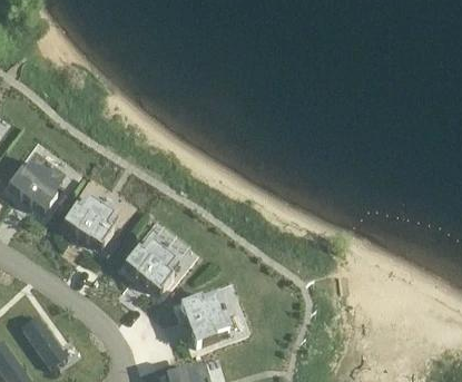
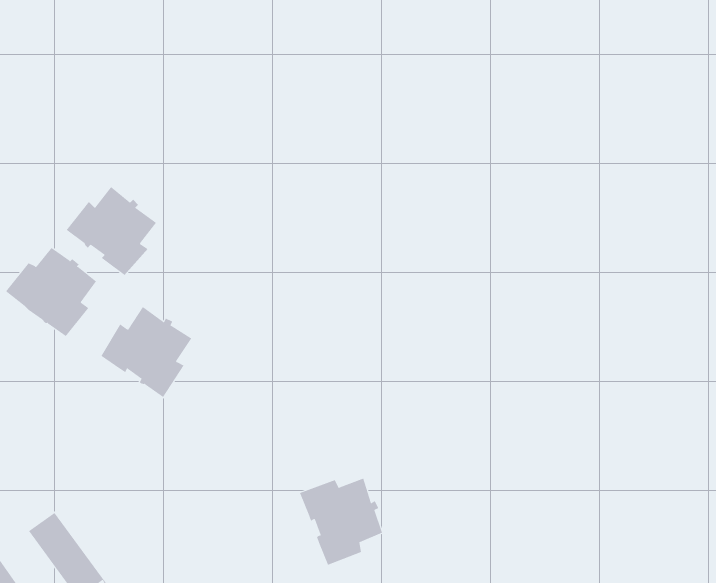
building: none -> [66,186,157,276]
building: [124,238,178,292] -> none

